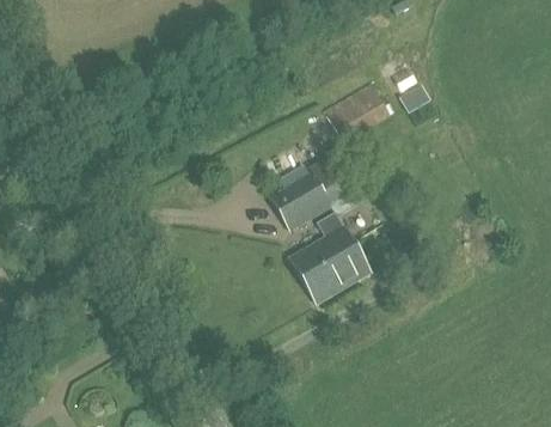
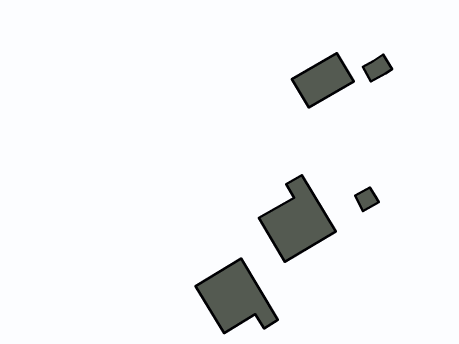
building: [269,150,355,230] -> none
building: none -> [195,259,278,333]

